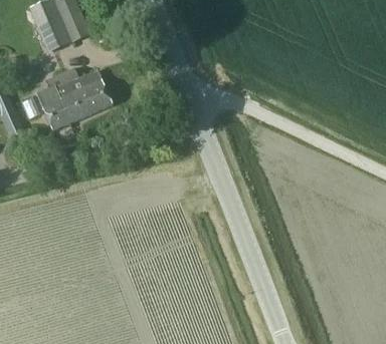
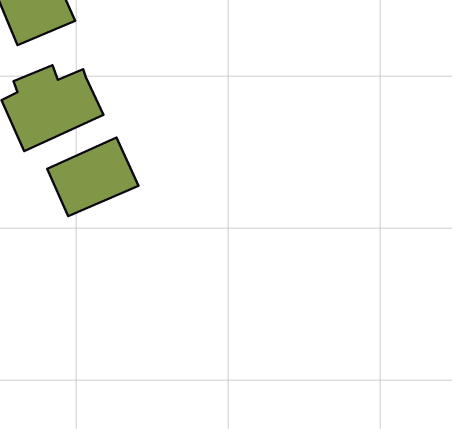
building: none -> [47,138,138,216]

